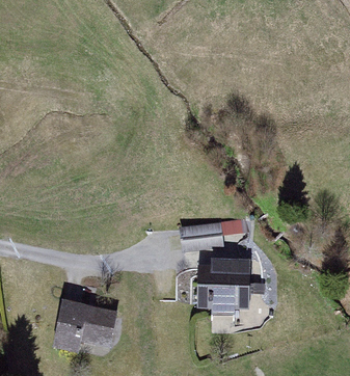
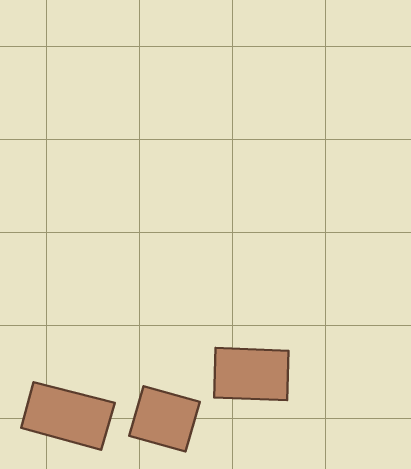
building: none -> [129,386,200,451]

